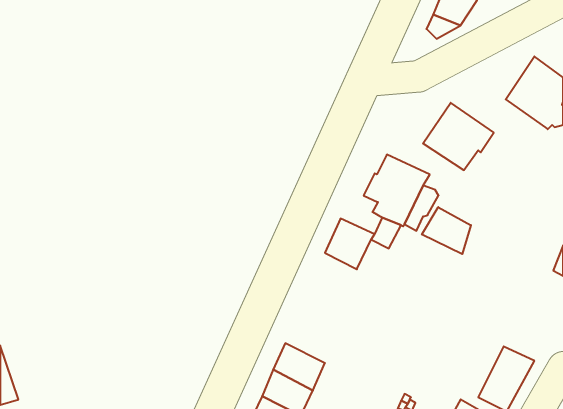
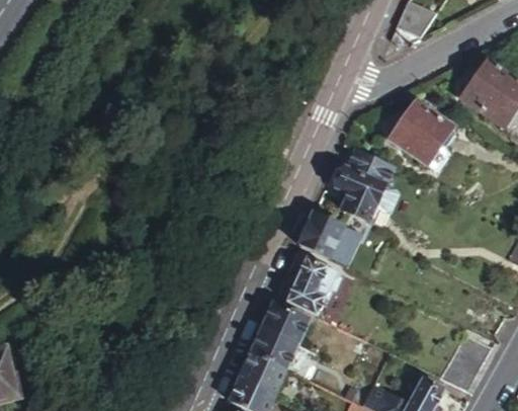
building: [422,207,471,254] -> none
building: none -> [286,254,340,314]
building: none -> [262,300,310,343]

